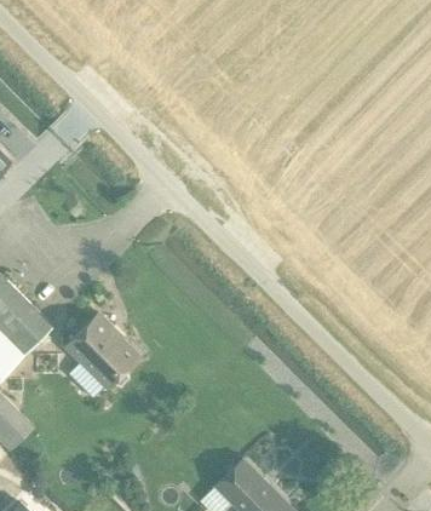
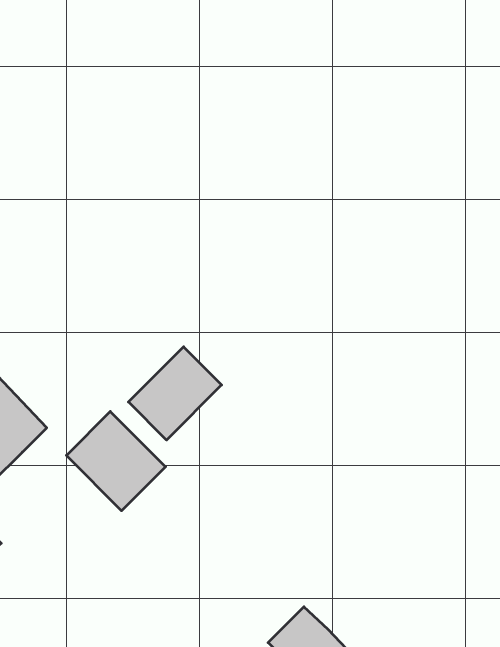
building: none -> [128,347,222,440]

